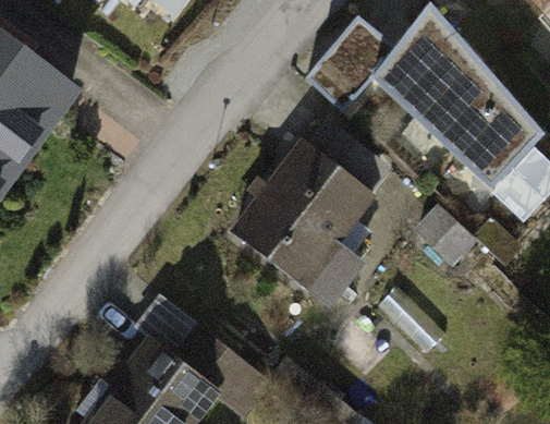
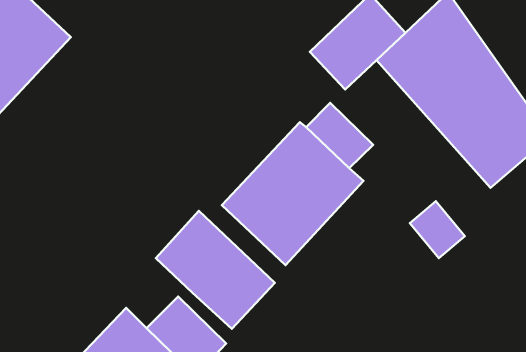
building: none -> [156,211,275,329]

